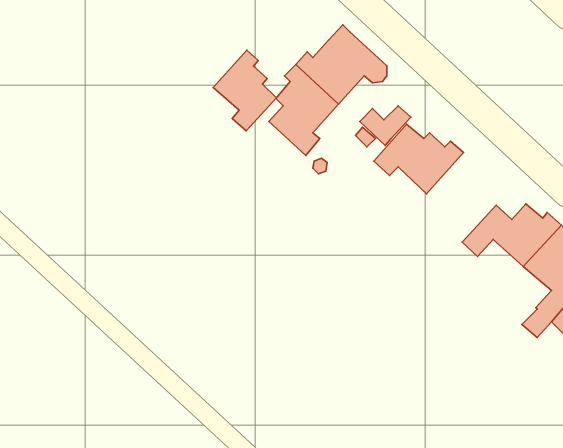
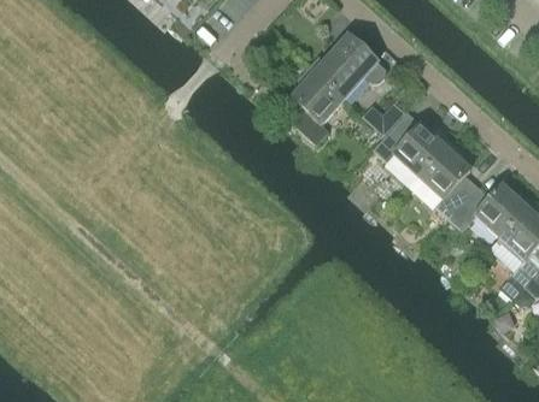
building: [213,50,277,131] -> none
building: none -> [418,142,478,218]

